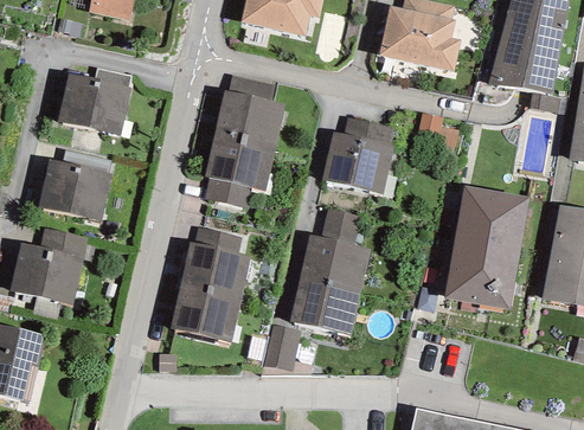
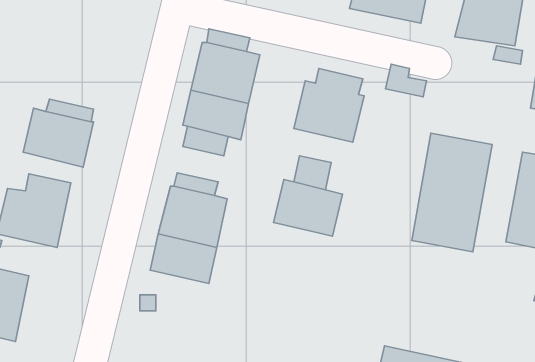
building: [57,69,131,135] -> none
building: [290,278,361,335] -> none
building: [264,323,301,372] -> none

